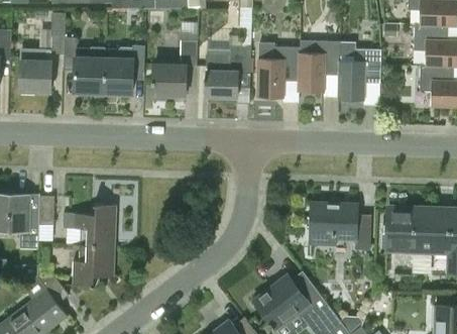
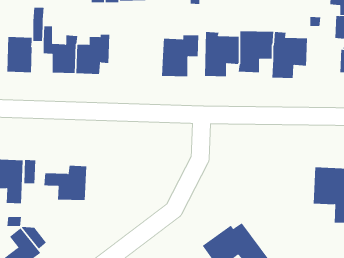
building: [152,32,197,95] -> none
building: [310,203,370,250] -> none
building: [72,244,114,287] -> none

